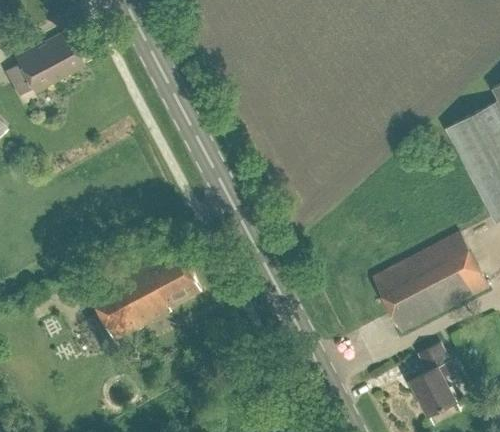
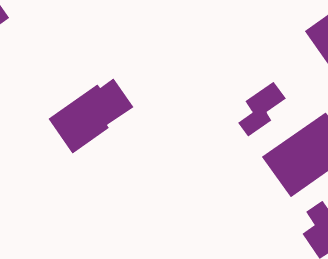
building: none -> [237,81,287,138]
building: [91,250,201,339] -> [47,77,135,155]

